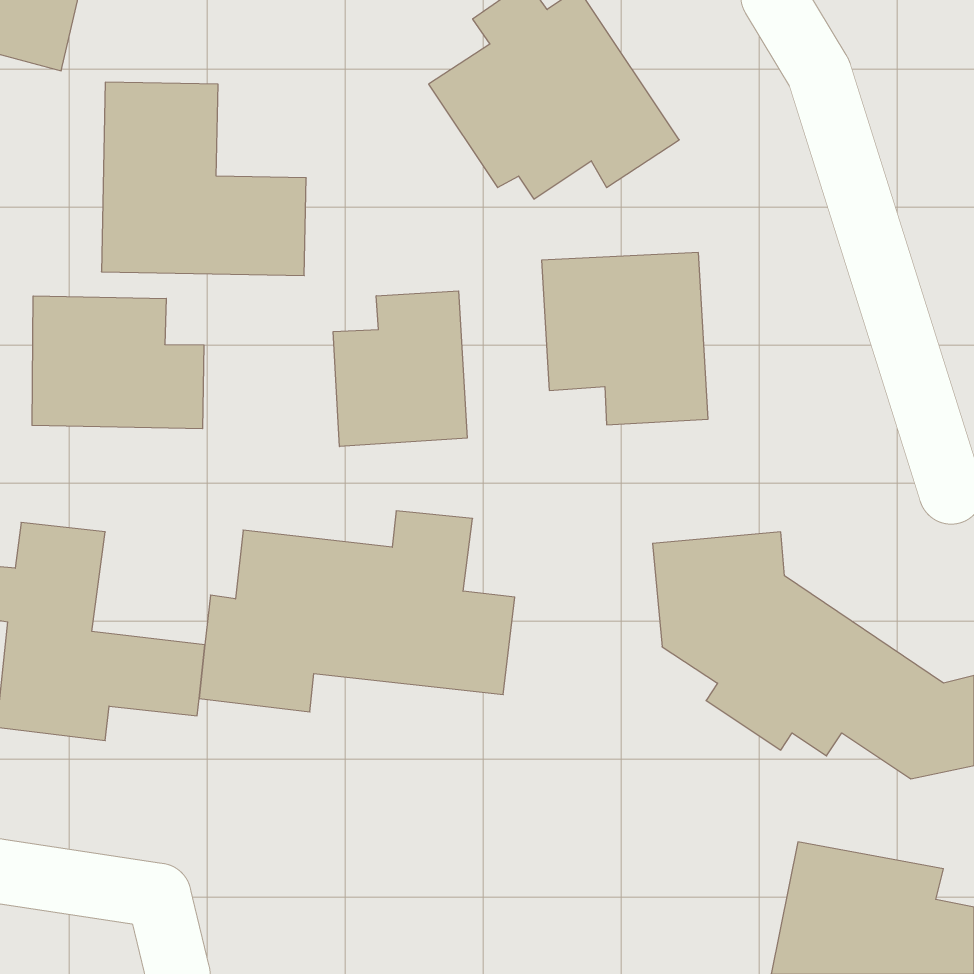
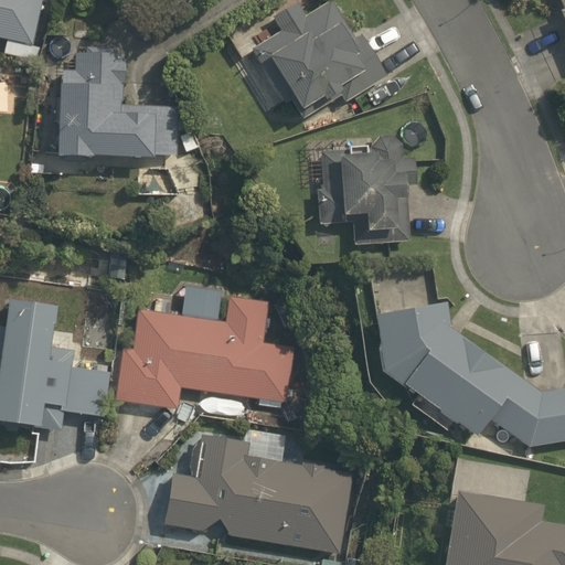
building: [333,291,467,447] -> none
building: [32,296,204,429] -> none
building: none -> [167,428,347,551]

